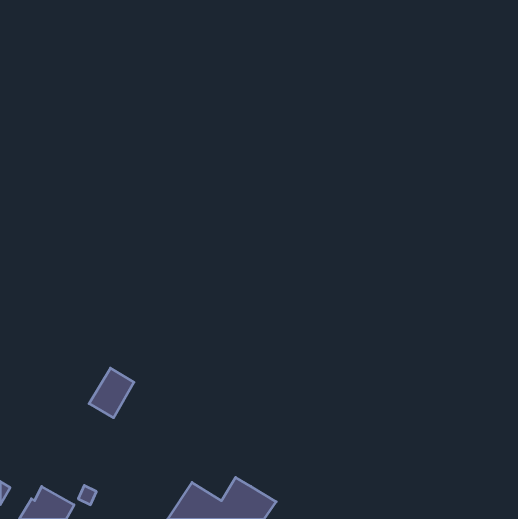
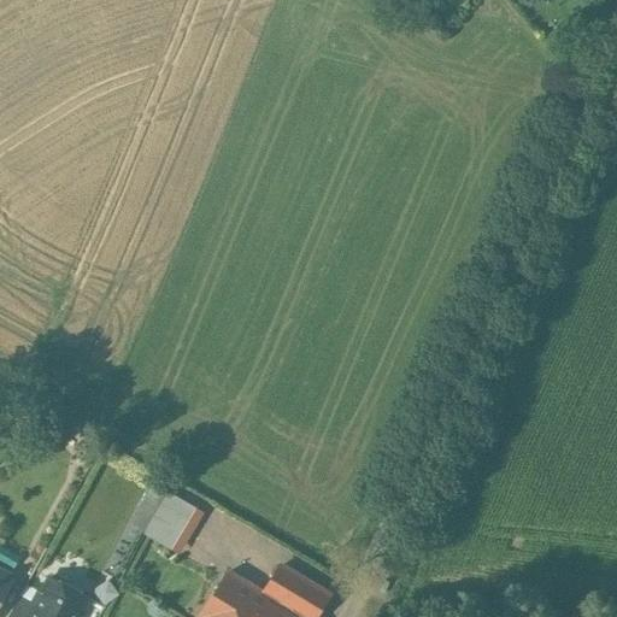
building: [89,368,134,418] -> [143,492,196,551]

